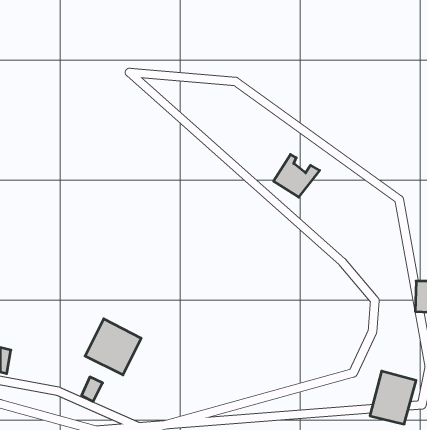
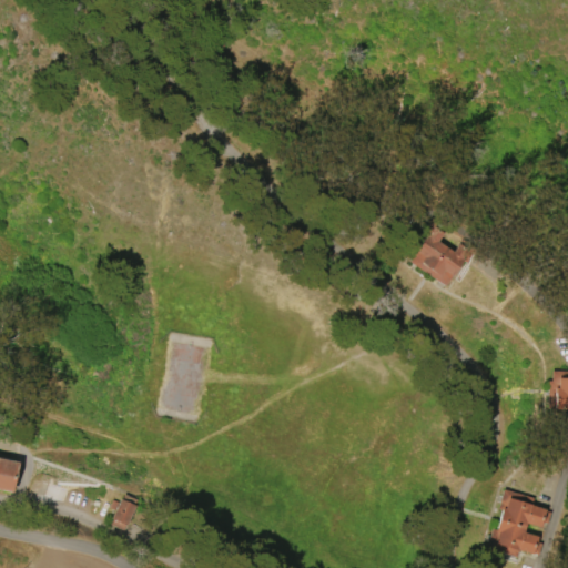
building: [274,154,320,197] -> [414,230,475,286]
building: [85,319,141,375] -> none

